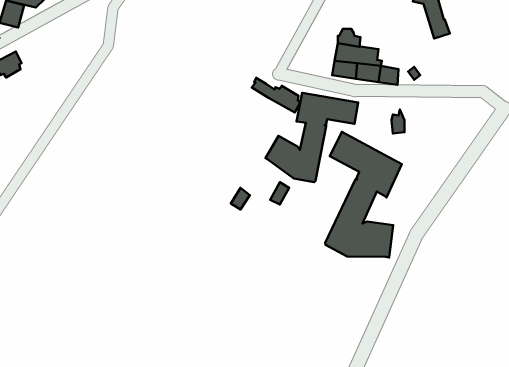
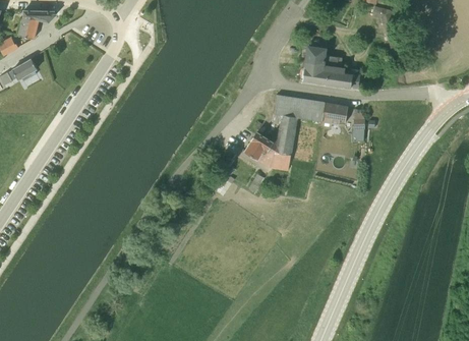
building: [252,78,300,112] -> none
building: none -> [321,103,348,127]
building: [325,132,402,258] -> none

